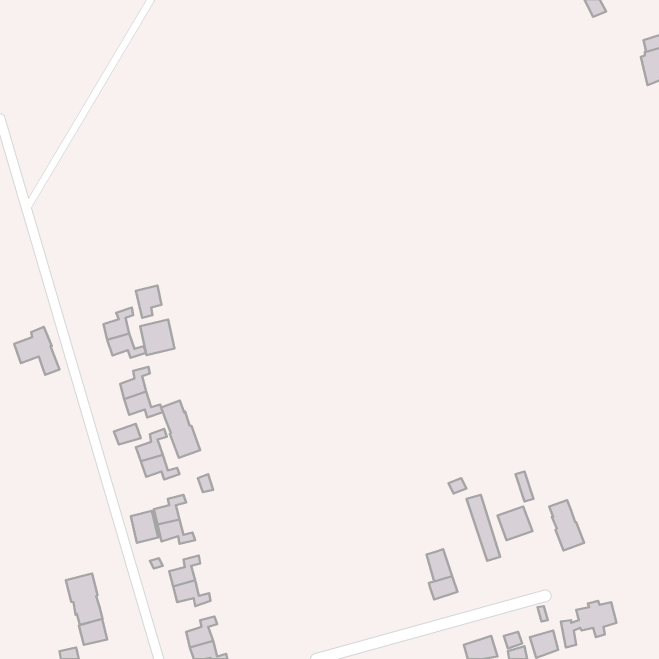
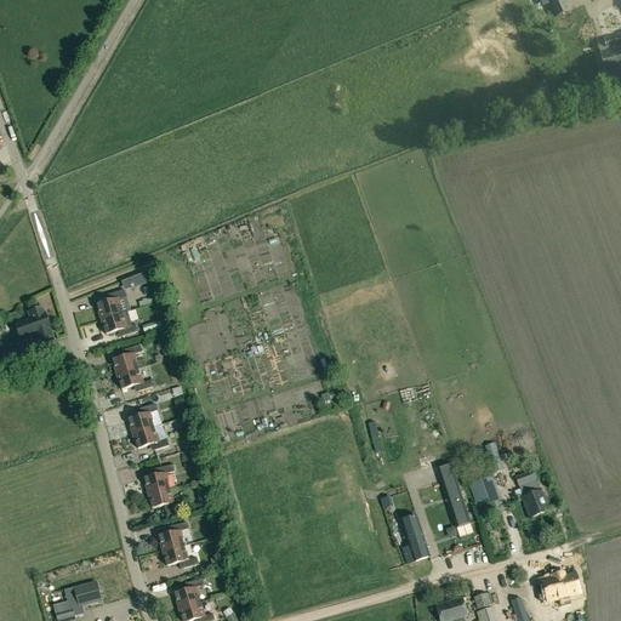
building: [140,320,175,355] -> none
building: [161,400,200,458] -> none
building: [131,511,158,543] -> none
building: [66,574,103,625] -> none

